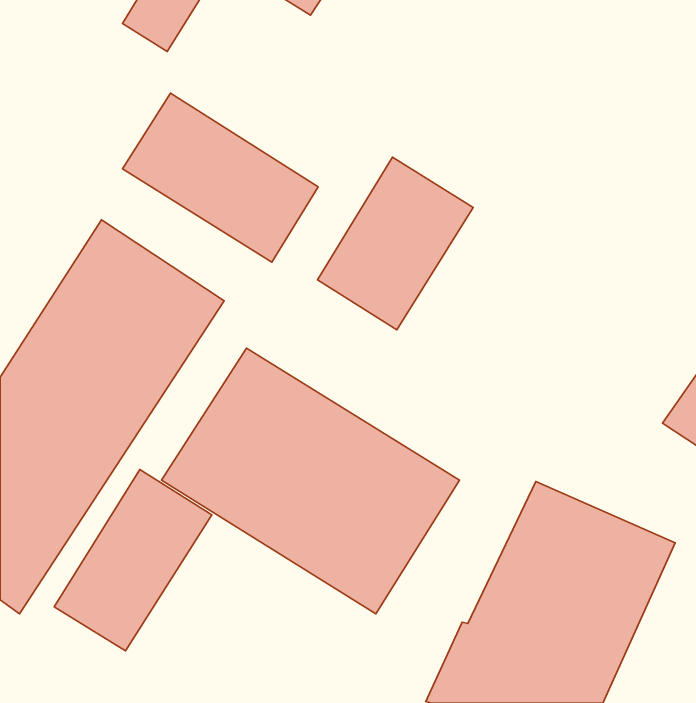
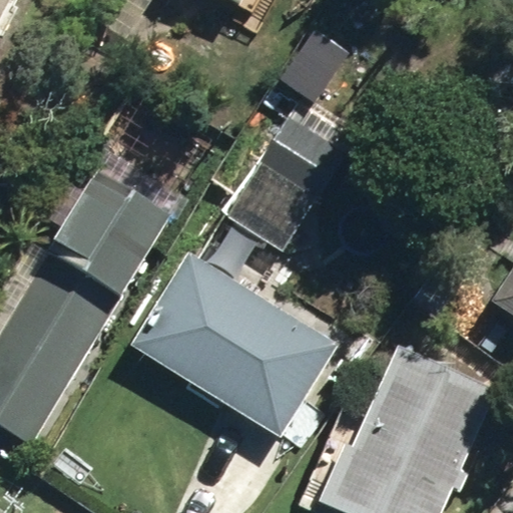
building: [123,93,318,262] -> none
building: [54,470,212,651] -> none

